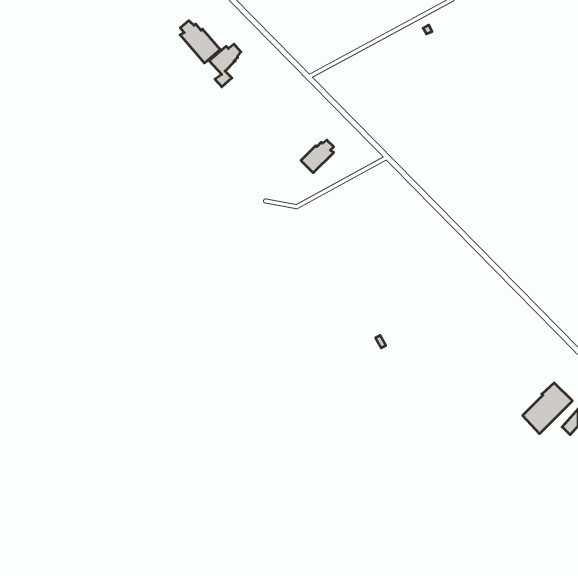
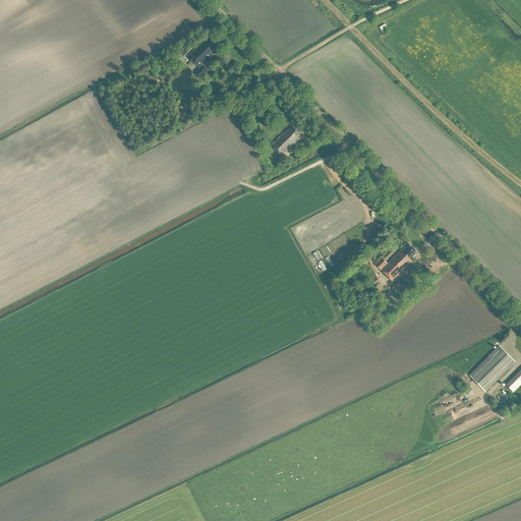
building: [180,21,220,63] -> none
building: none -> [375,244,416,280]

